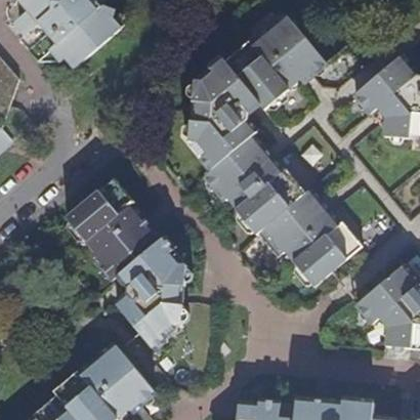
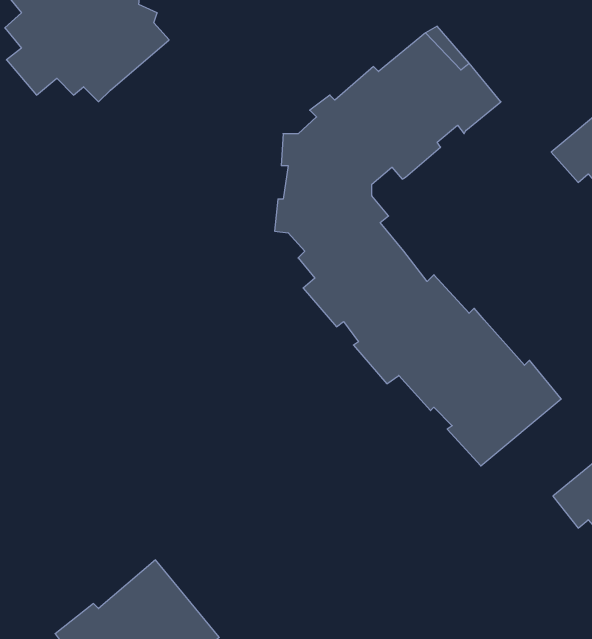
building: [66,178,185,347] -> none

